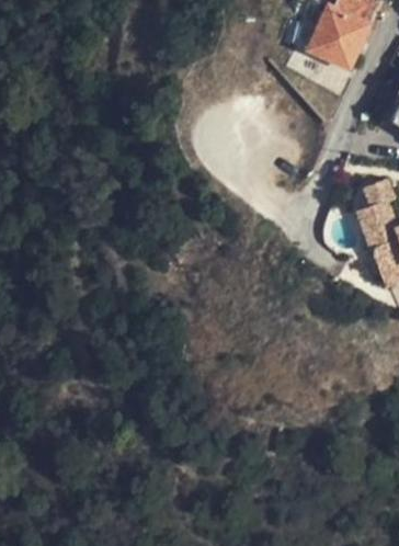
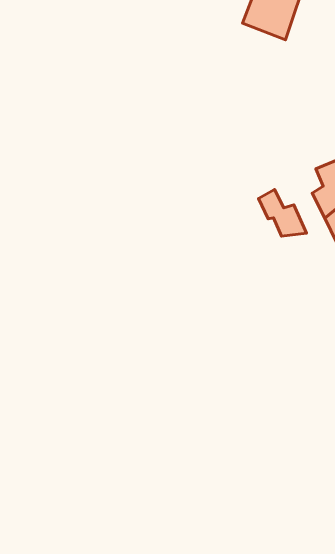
building: none -> [259,189,307,236]

